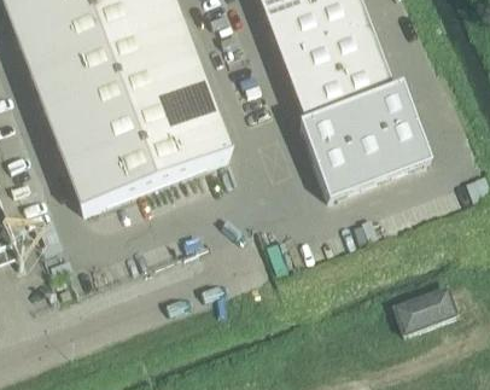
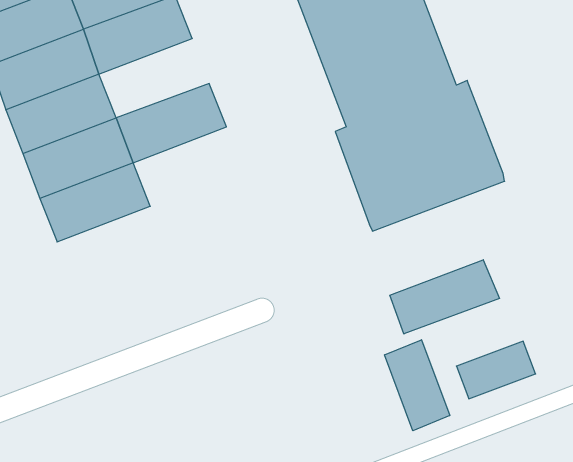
building: [116,47,202,109] -> none
building: [142,116,228,177] -> none
building: none -> [390,260,499,334]
building: none -> [385,340,450,431]

